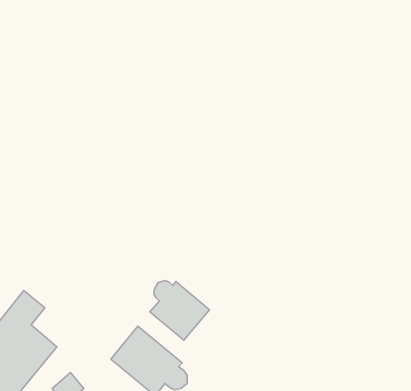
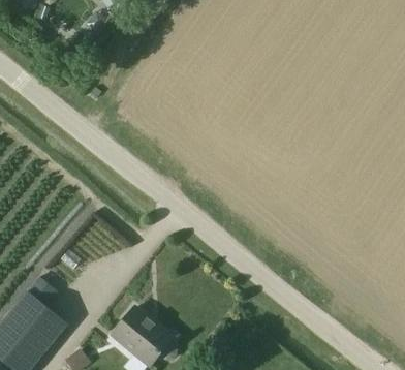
building: [150,280,210,340] -> none

